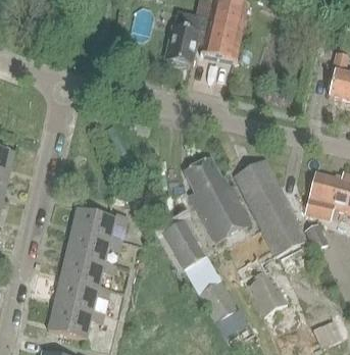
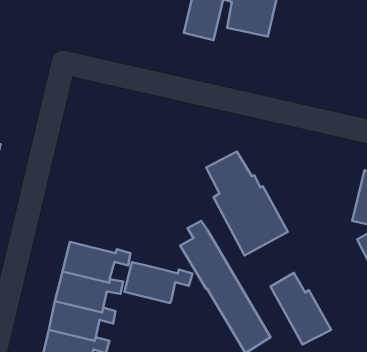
building: [234,158,305,255] -> none
building: [71,206,128,240] -> [124,262,193,303]

